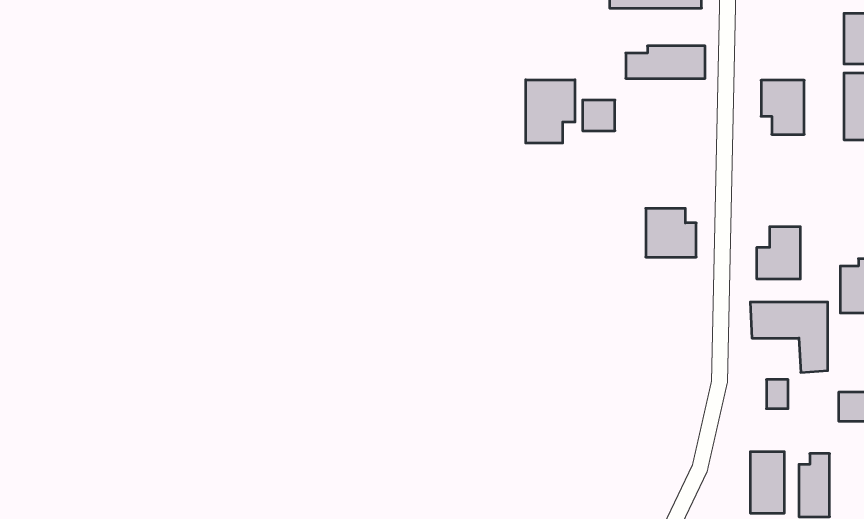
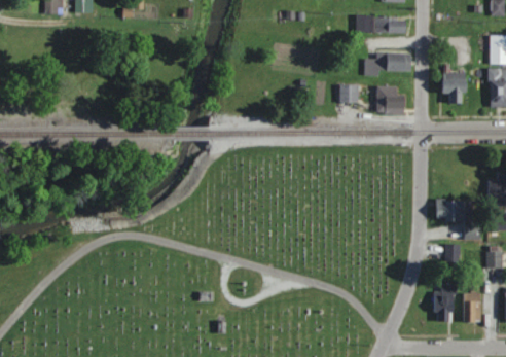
building: [526,80,575,143] -> none
building: [646,208,696,257] -> [375,86,404,114]
building: [757,227,800,279] -> none

